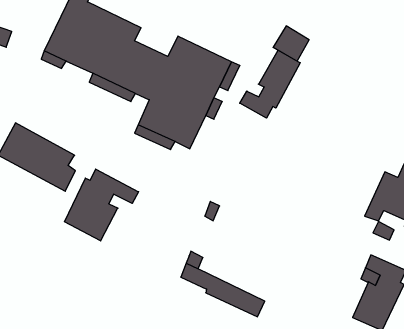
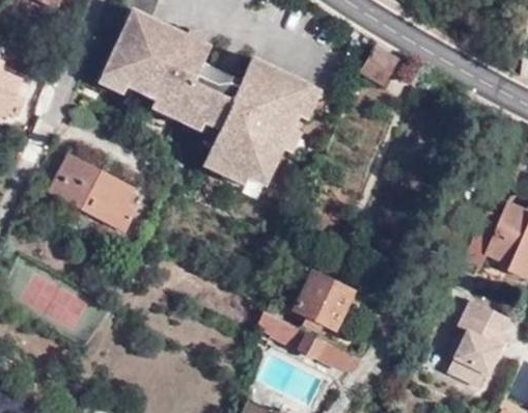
building: [240,50,300,118] -> none
building: [65,169,139,241] -> none
building: none -> [285,272,352,331]

